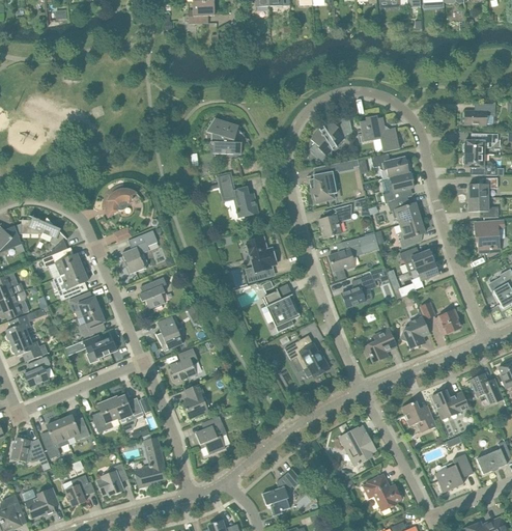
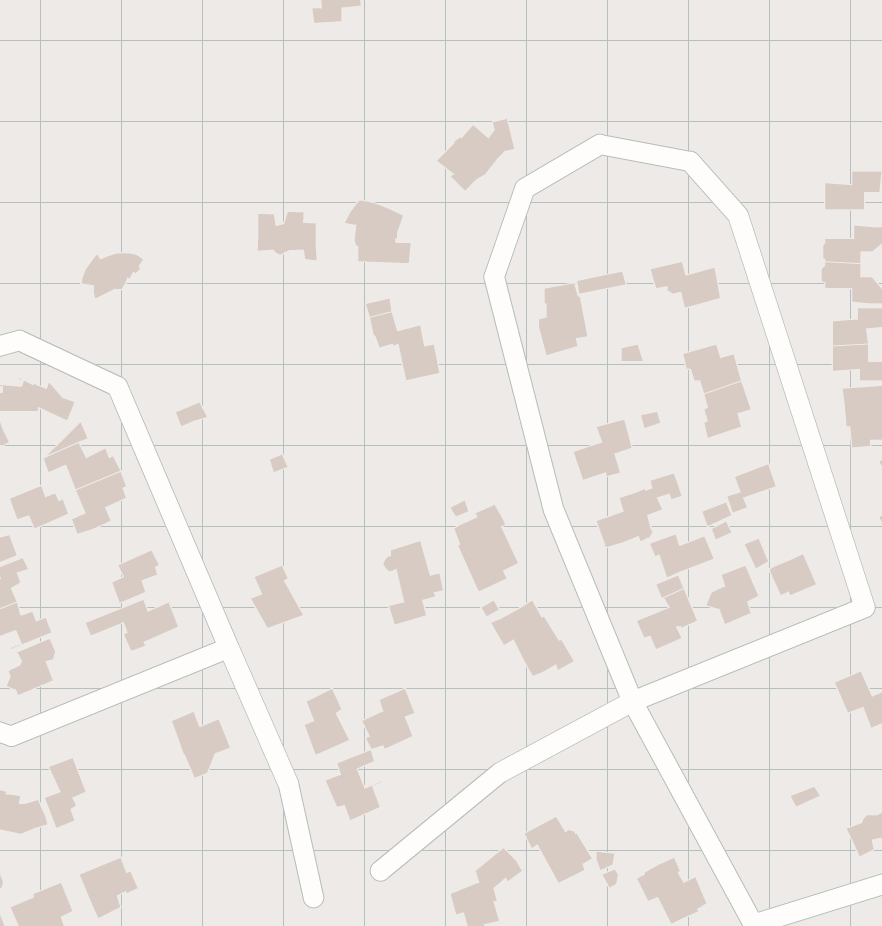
building: [358,115,399,151] -> none
building: [310,116,352,156] -> [436,118,515,191]
building: none -> [257,211,317,261]
building: [382,172,414,203] -> none
building: [102,189,140,215] -> [80,253,151,301]
building: [318,203,351,237] -> none
building: [121,233,146,274] -> none
building: [243,236,276,282] -> [382,541,444,625]
building: [399,248,434,272] -> [649,534,715,578]
building: [139,277,166,309] -> none
building: [69,292,102,316] -> [9,485,69,529]
building: [169,347,198,381] -> [361,688,415,750]
building: [431,390,470,420] -> none
building: [91,398,118,432] -> none
building: [401,401,436,432] -> none
building: [59,415,92,446] -> none
building: [339,427,376,464] -> [524,816,593,883]
building: [135,438,167,487] -> none
building: [435,454,473,493] -> none
building: [96,464,125,496] -> none

